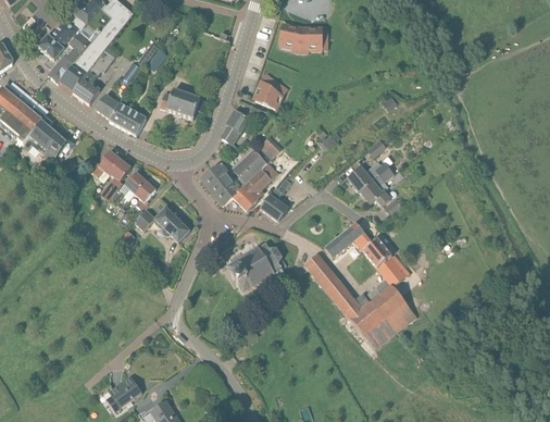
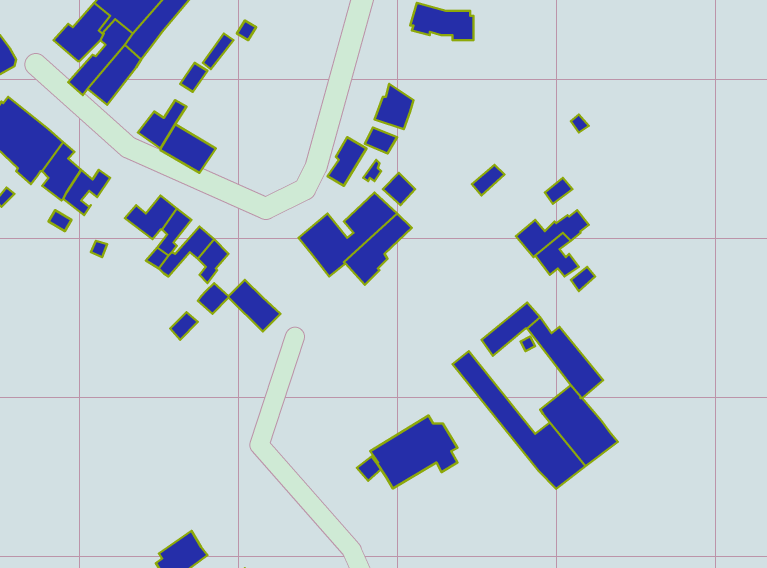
building: [73,49,114,103] -> none
building: [160,88,207,119] -> none
building: [261,177,290,220] -> none
building: [227,243,286,291] -> [370,415,458,488]

